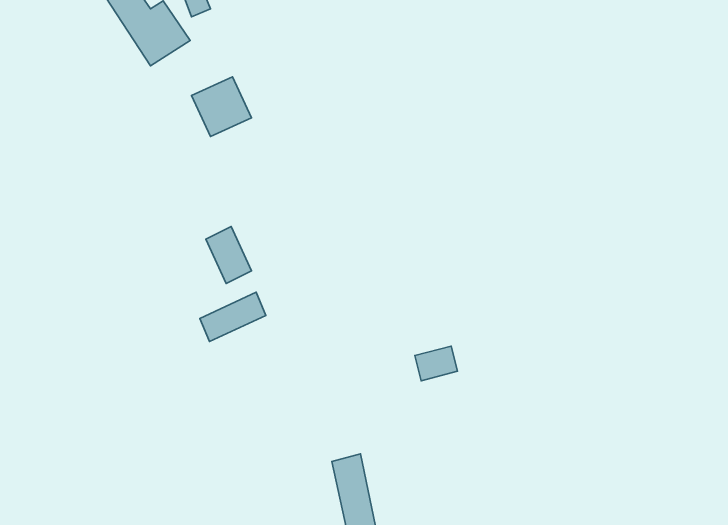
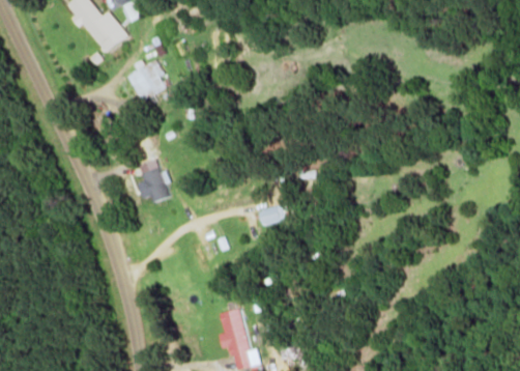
building: [200,292,266,342] -> none
building: [415,346,458,381] -> [256,204,284,227]

